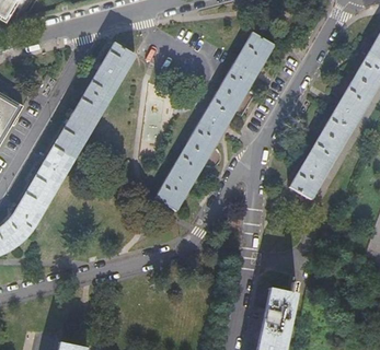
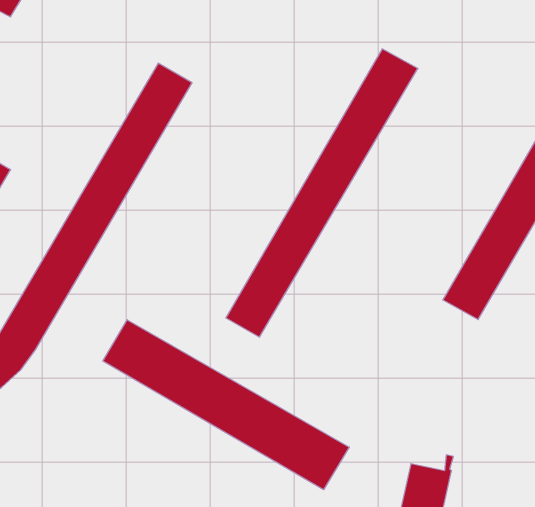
building: none -> [103,320,349,490]

